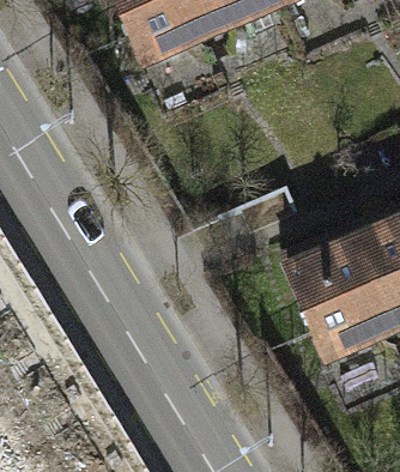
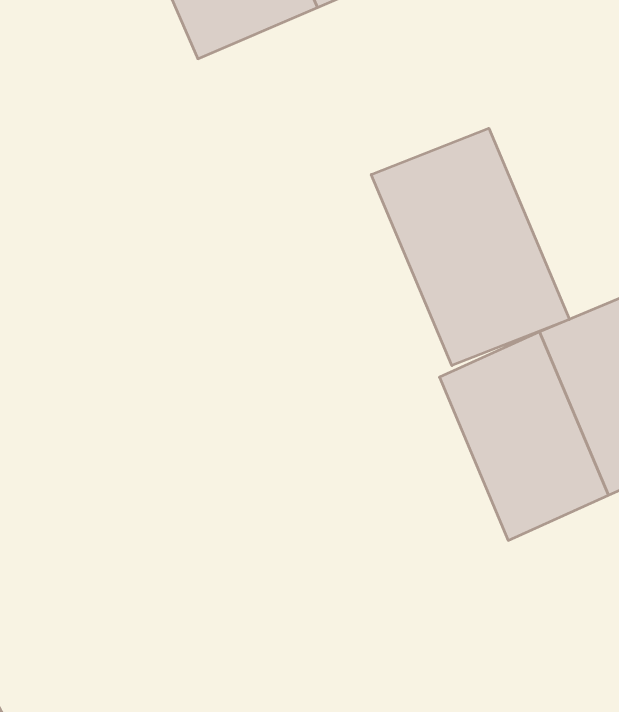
building: none -> [371,128,569,366]

